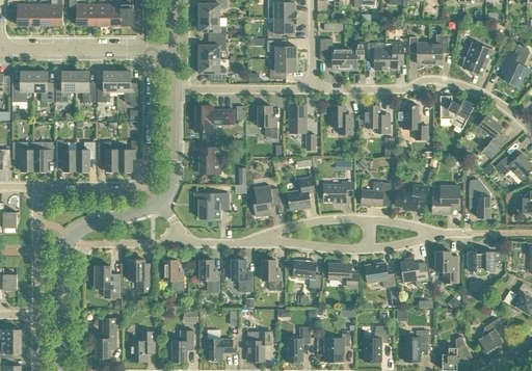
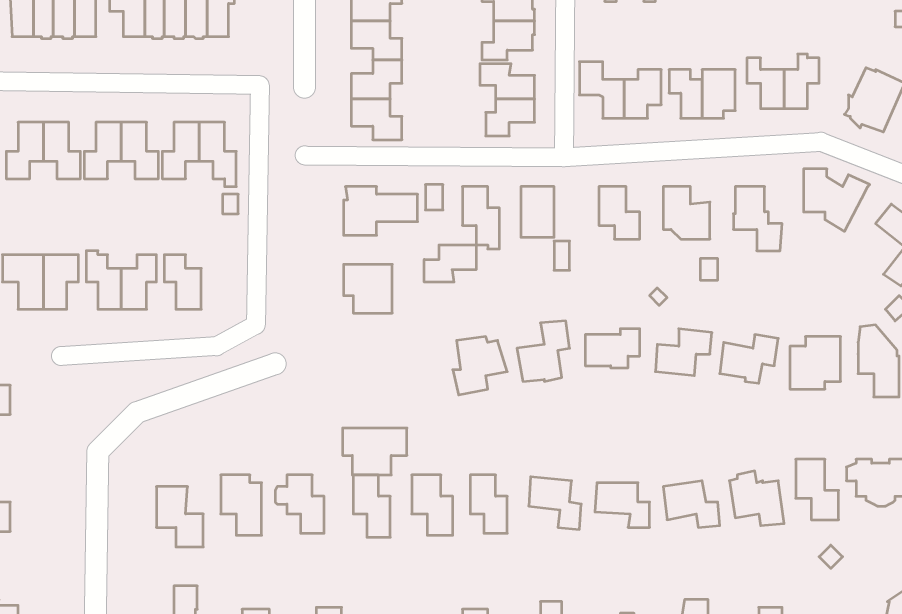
building: none -> [424,245,476,282]
building: [117,140,136,170] -> none
building: [193,192,228,217] -> [343,428,407,475]

